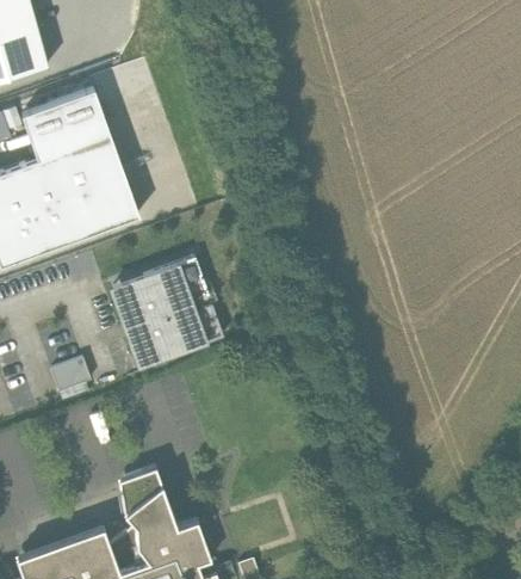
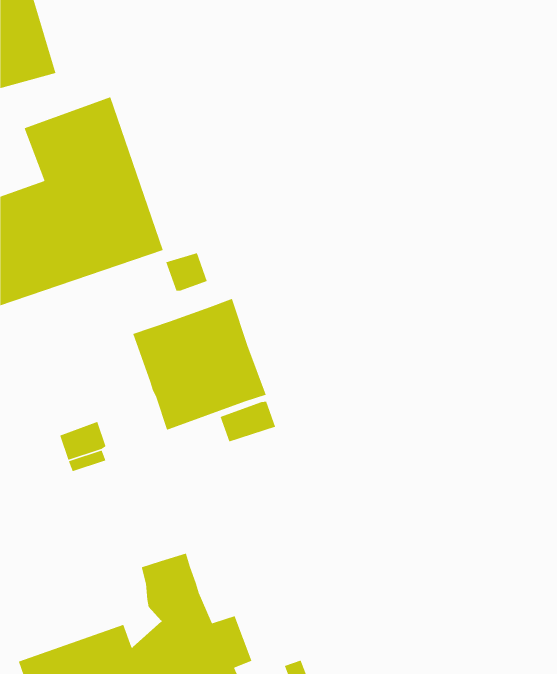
building: none -> [165,252,208,292]
building: none -> [220,401,276,443]

